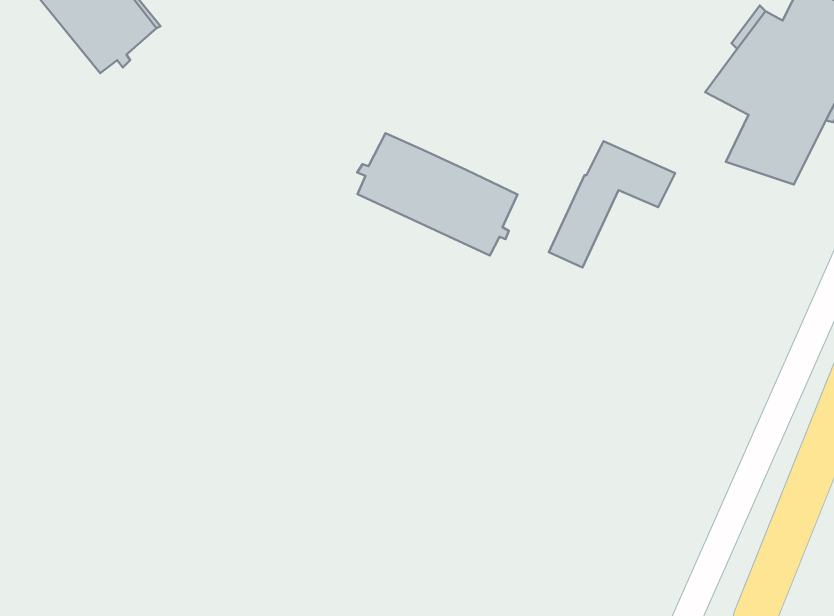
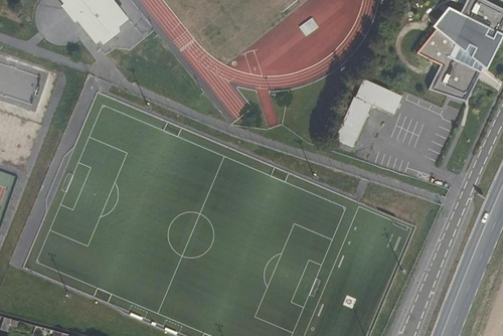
building: [357,133,518,255] -> none

